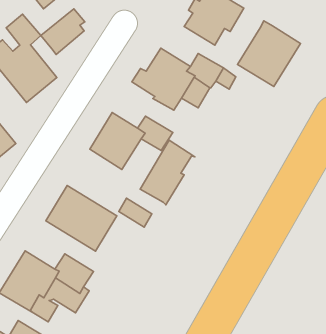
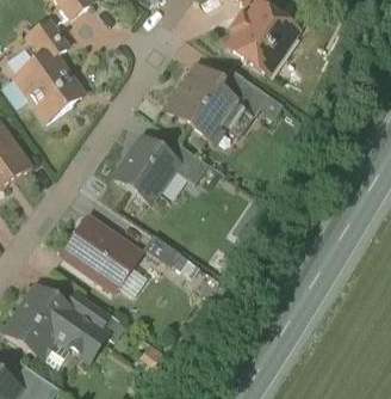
building: [41,9,85,55] -> none
building: [238,21,301,86] -> none
building: [140,140,195,205] -> none

